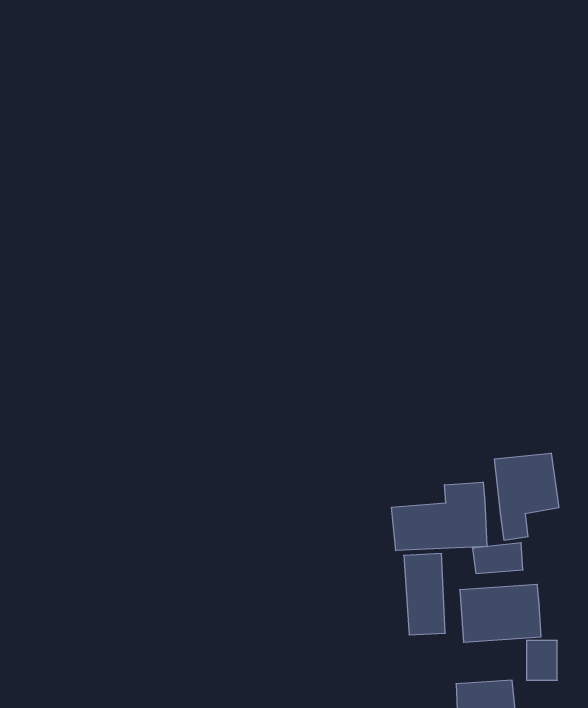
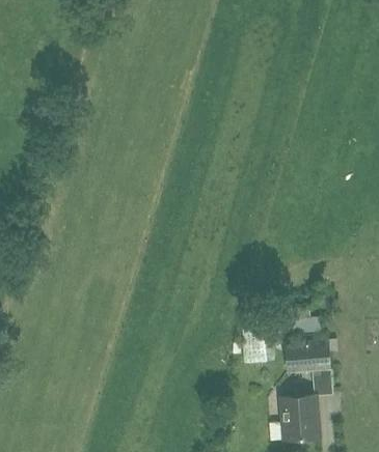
building: [495,453,559,540] -> none
building: [392,482,487,551] -> none

